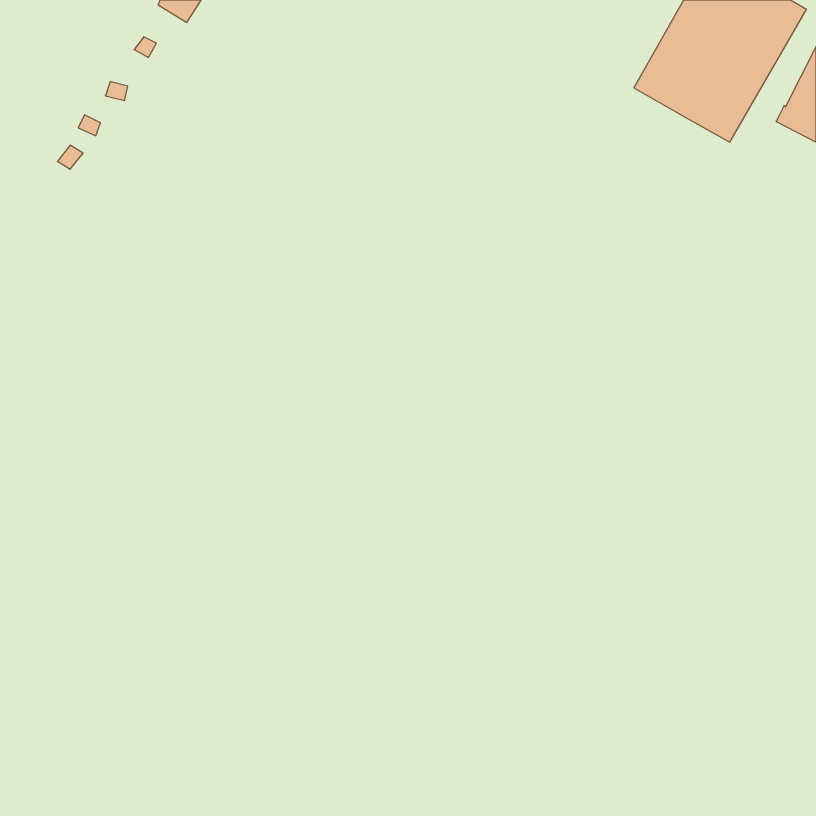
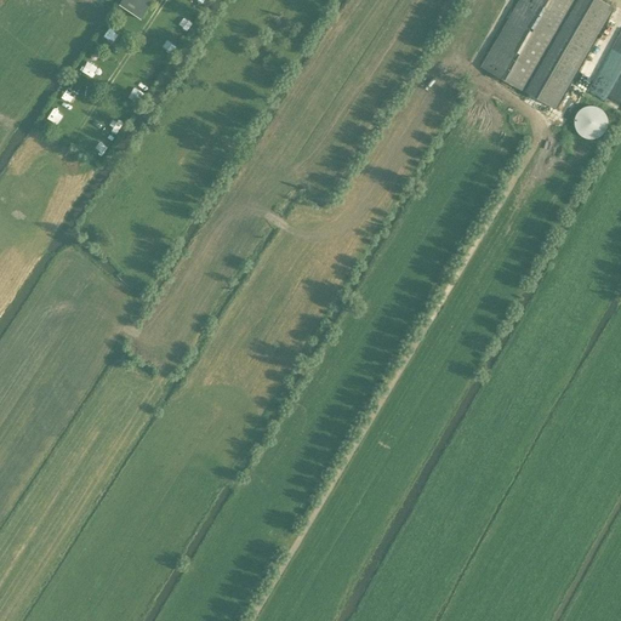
building: none -> [569,102,610,142]

